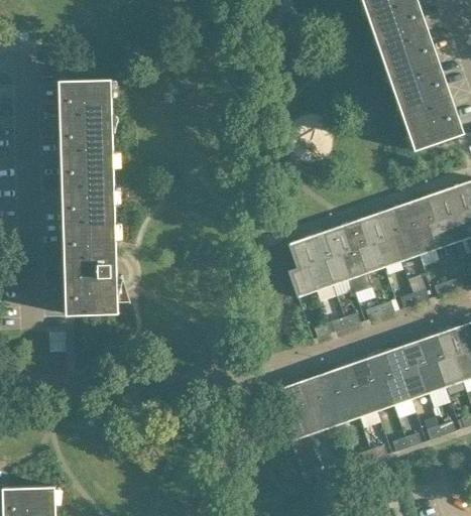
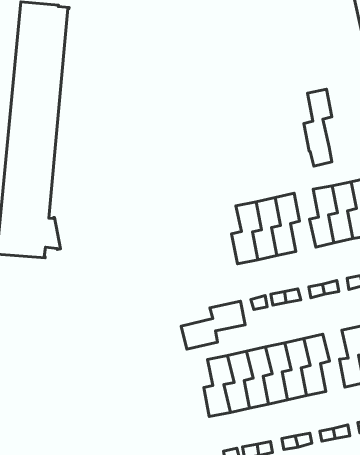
building: [340,220,370,292] -> [304,89,332,166]
building: none -> [181,301,245,349]
building: [382,347,408,405] -> none

